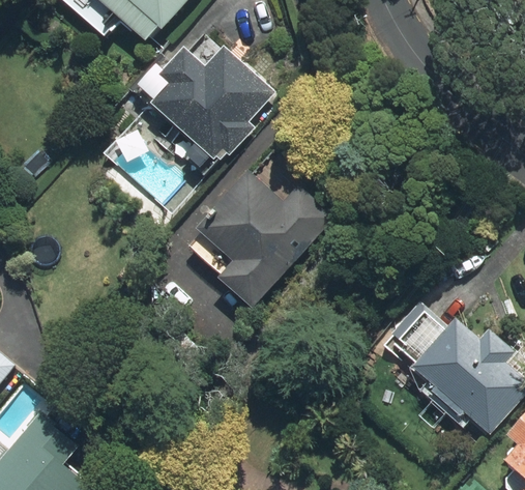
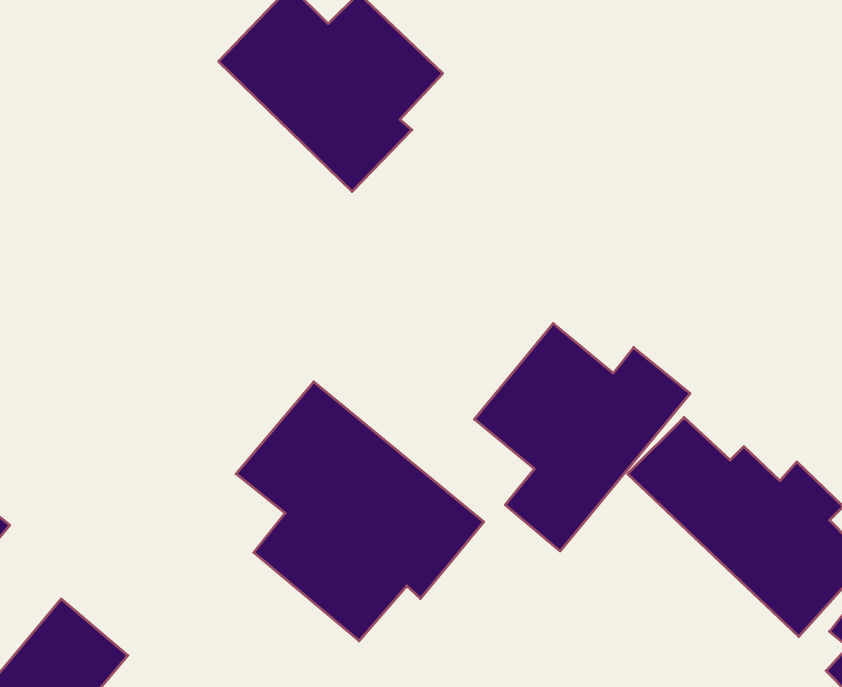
building: [198,173,328,311] -> [474,323,690,551]
building: none -> [236,382,484,641]

